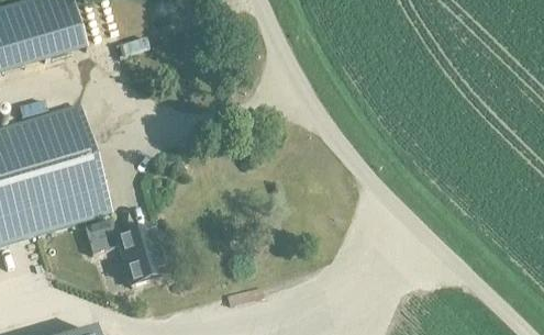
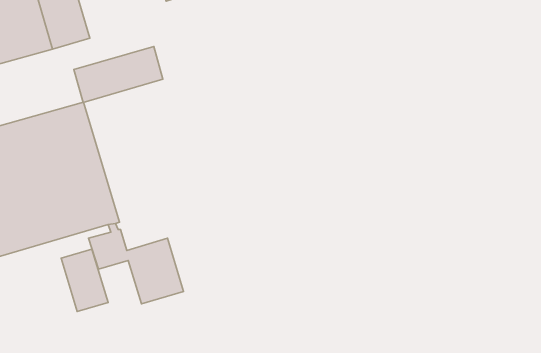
building: none -> [74,46,163,102]
building: none -> [61,249,108,311]

